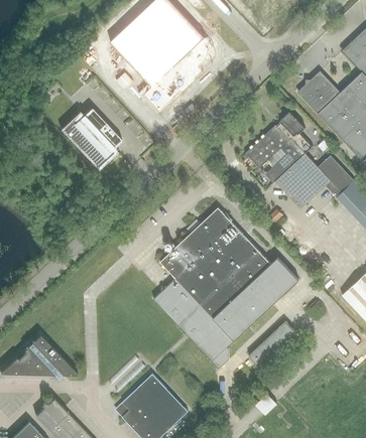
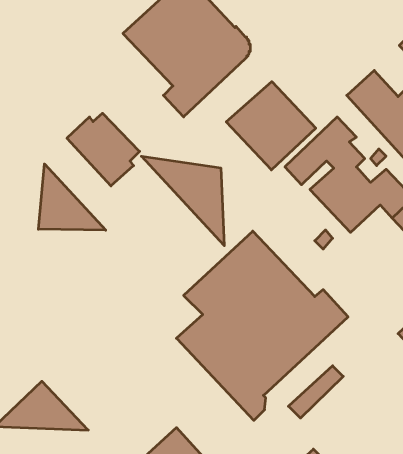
building: none -> [226,82,316,170]
building: none -> [141,156,224,246]
building: none -> [38,164,106,230]

